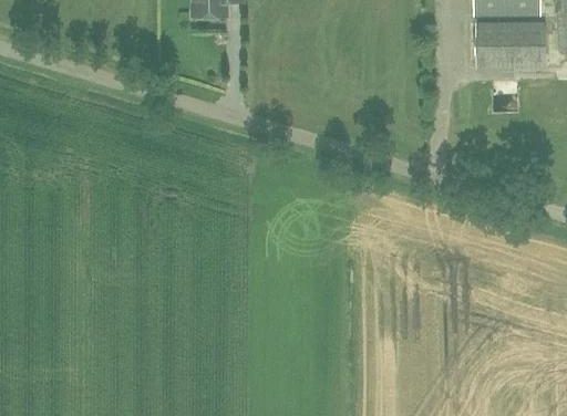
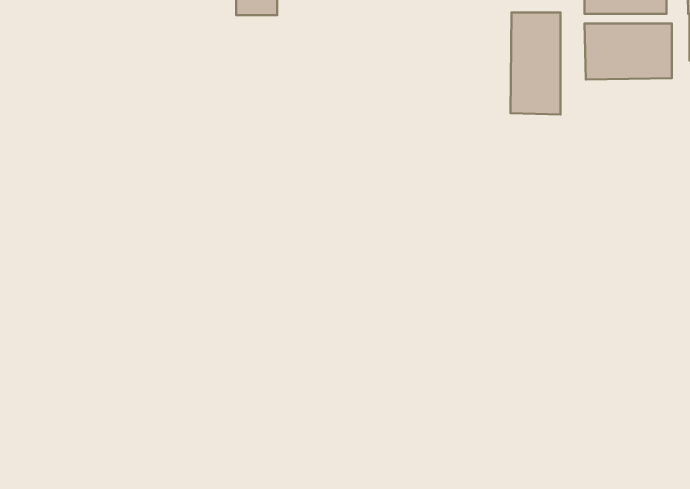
building: none -> [510,13,561,115]

